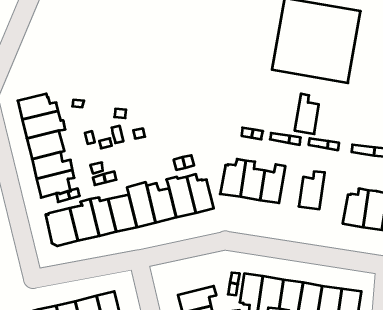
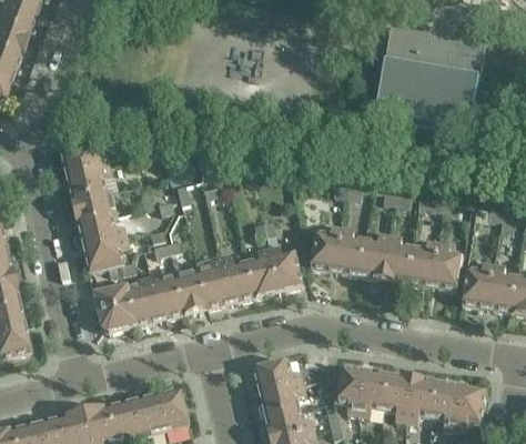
building: [295,94,319,134] -> [384,233,414,283]
building: none -> [434,241,462,290]
building: none -> [253,360,303,393]

